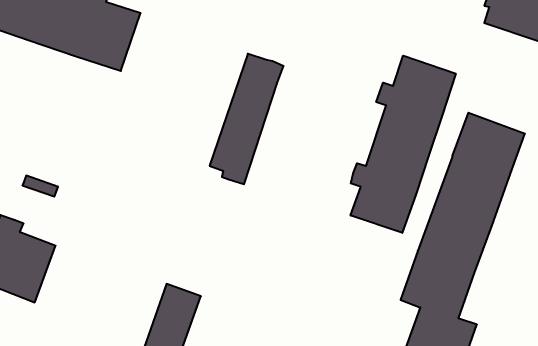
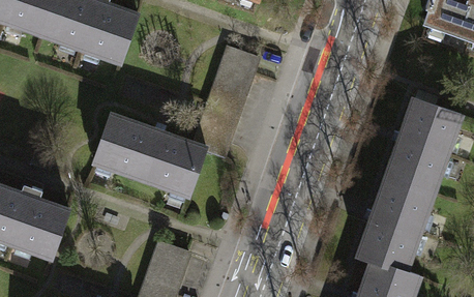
building: [351,56,456,233] -> none
building: none -> [93,114,207,197]

